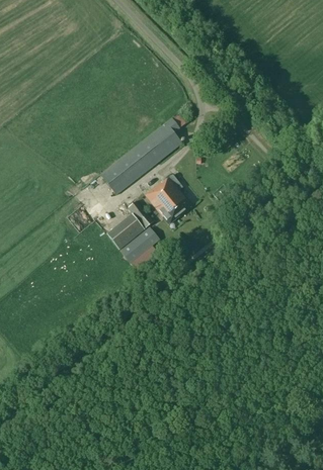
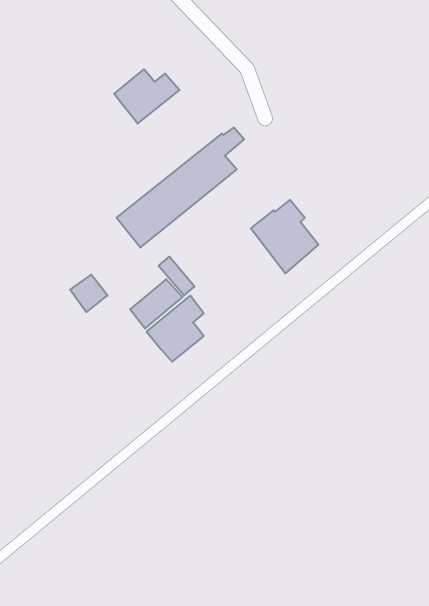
building: none -> [114,69,180,124]
building: [145,174,190,223] -> [251,200,318,273]

